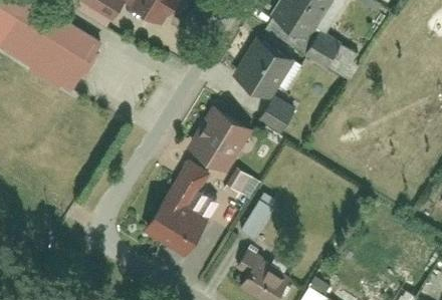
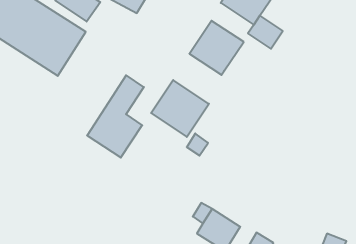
building: [255,93,294,132] -> none
building: [141,159,208,256] -> [87,75,144,158]
building: [240,199,272,238] -> none

